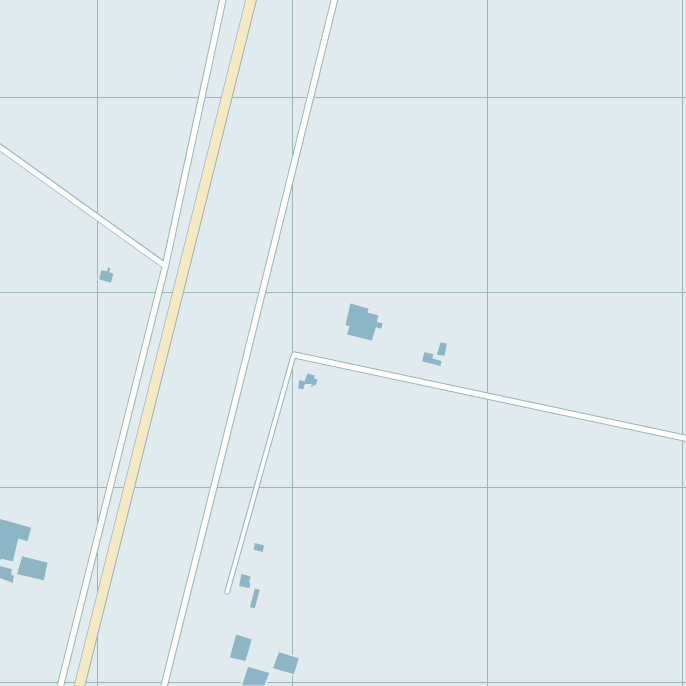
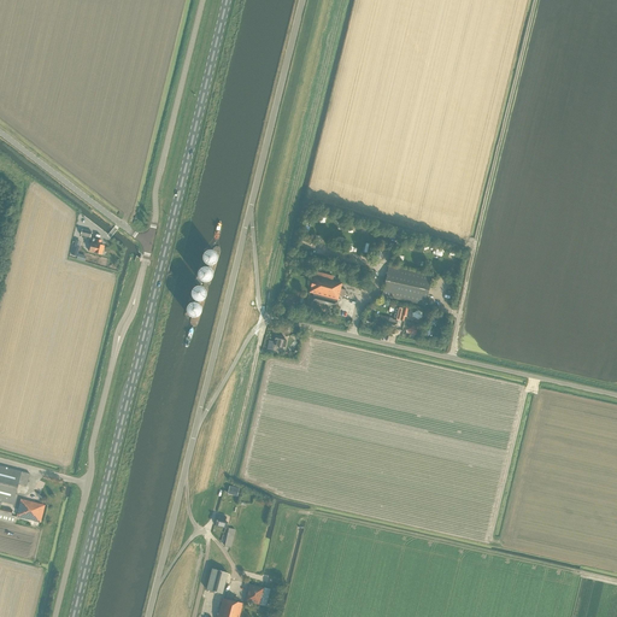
building: none -> [381,265,431,305]

